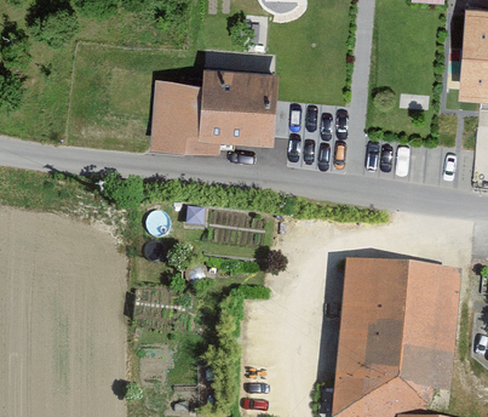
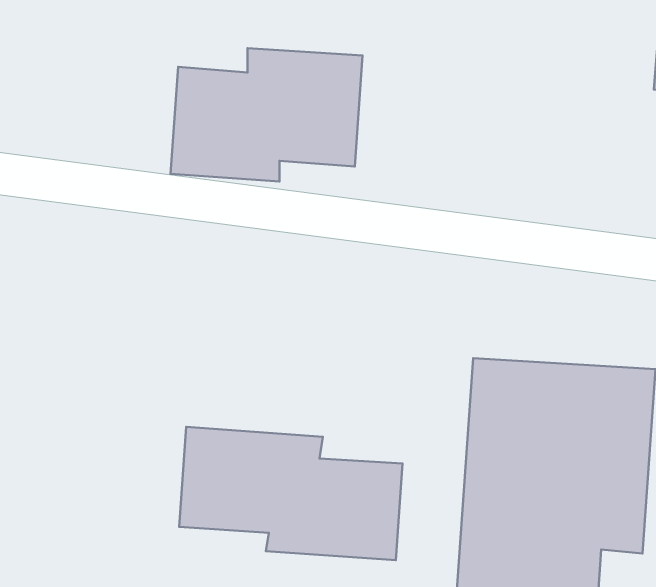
building: none -> [179,427,403,560]

